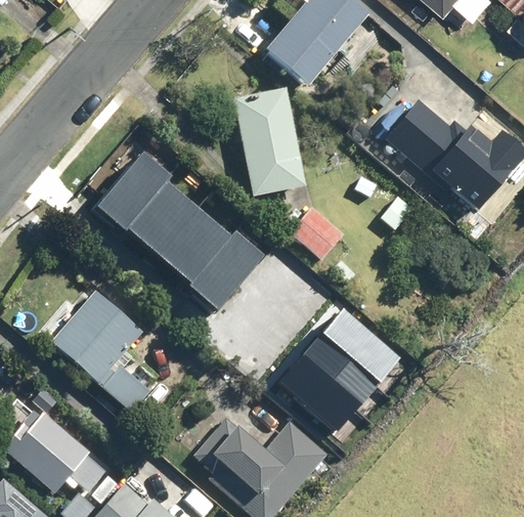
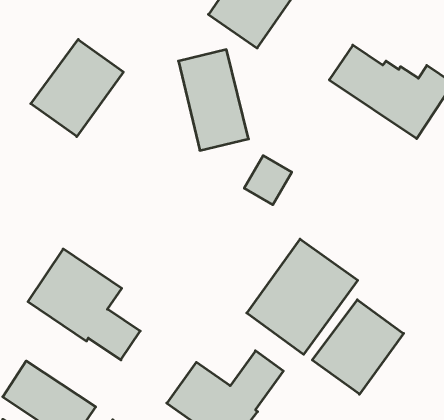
building: none -> [31,39,123,137]
building: [99,150,264,307] -> none
building: none -> [312,300,404,394]

